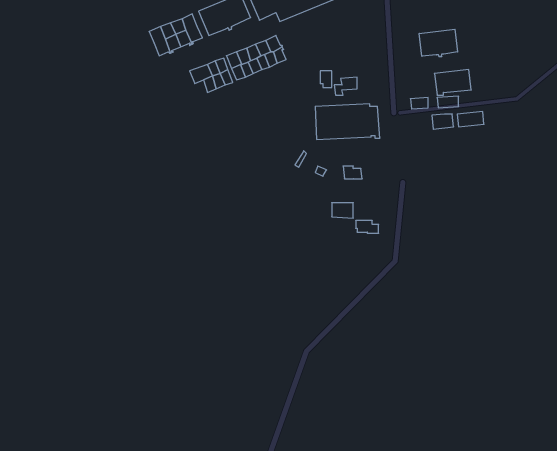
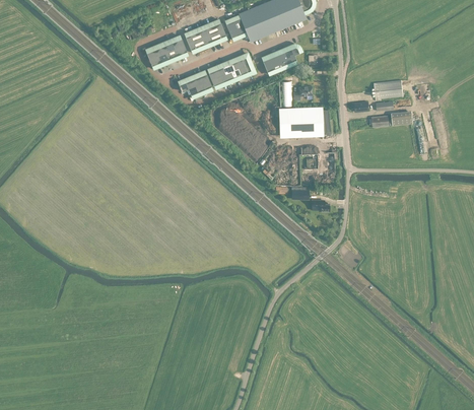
building: none -> [261,43,301,74]
building: [419,29,458,57] -> none

